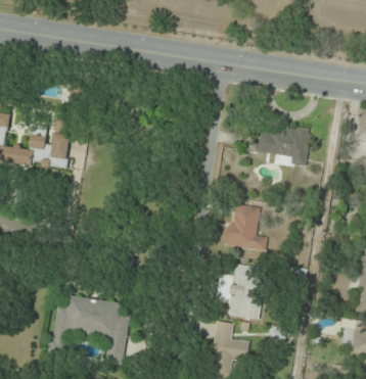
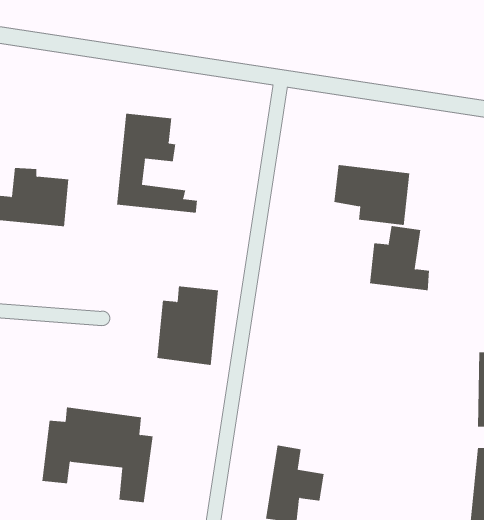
building: none -> [117,113,198,214]
building: [225,204,268,250] -> [369,225,430,291]
building: [220,265,264,321] -> [156,286,219,366]

